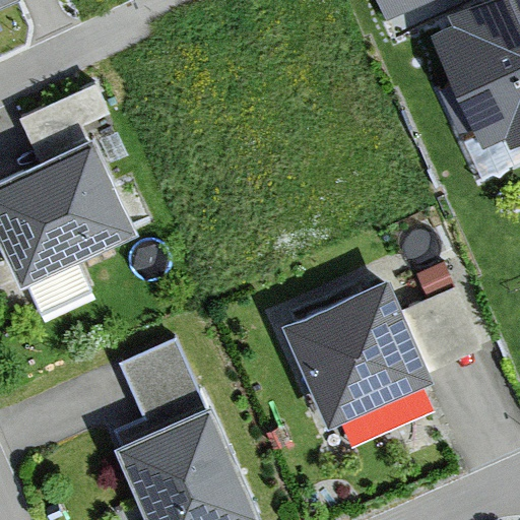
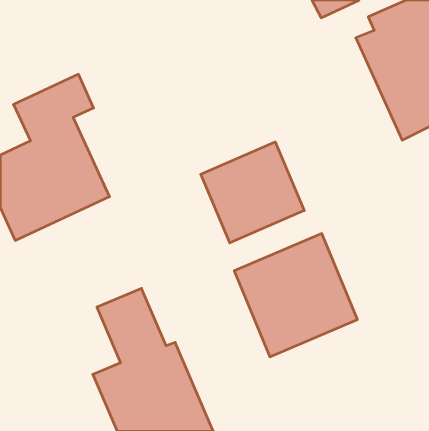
building: none -> [201,142,304,243]

